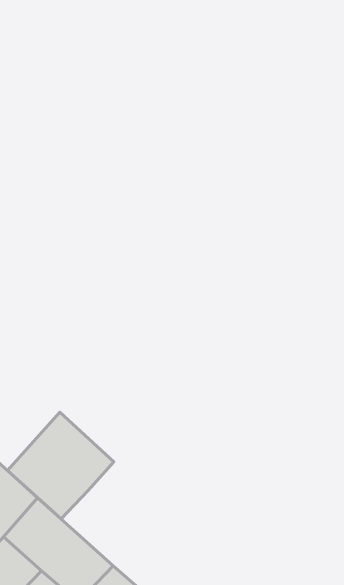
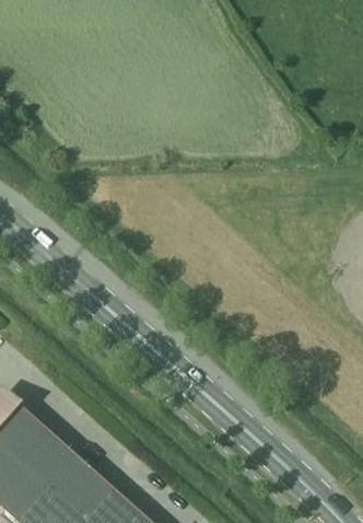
building: [7,412,114,519] -> none

